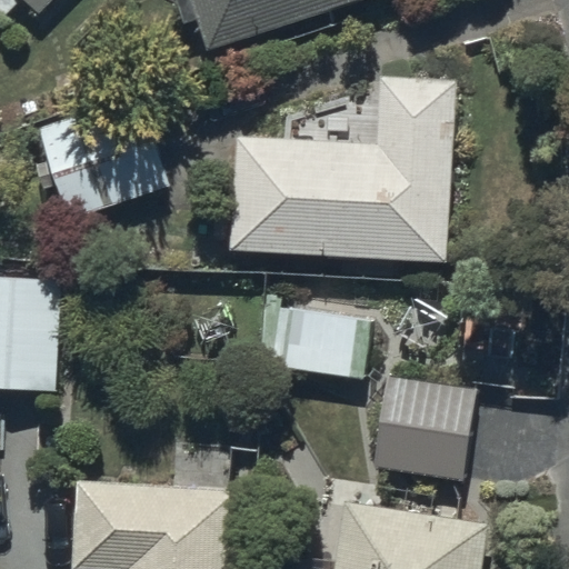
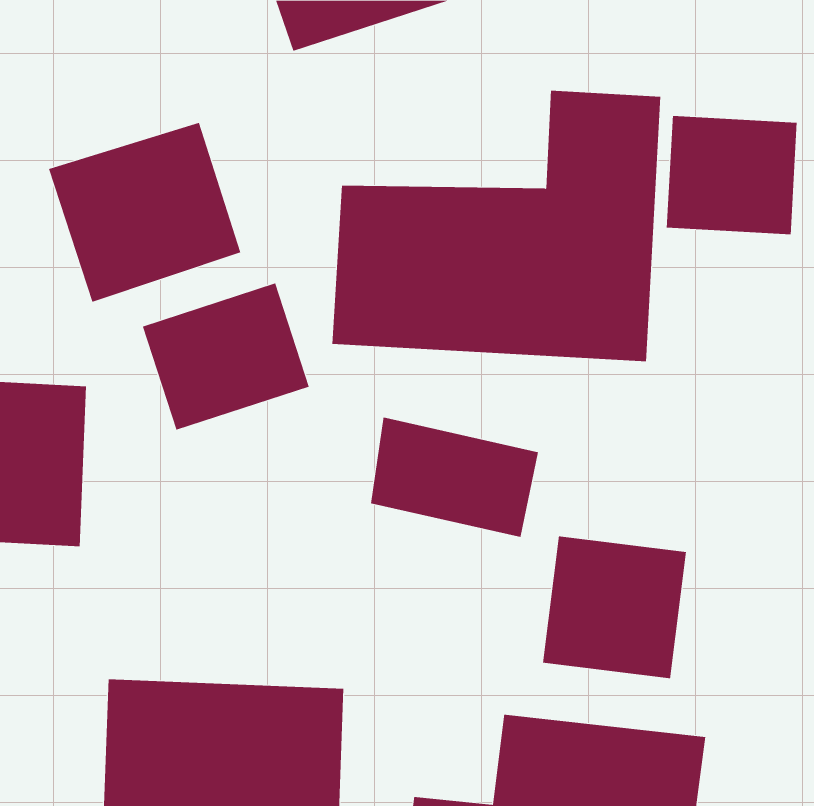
building: none -> [666,115,797,235]
building: none -> [142,283,310,431]

